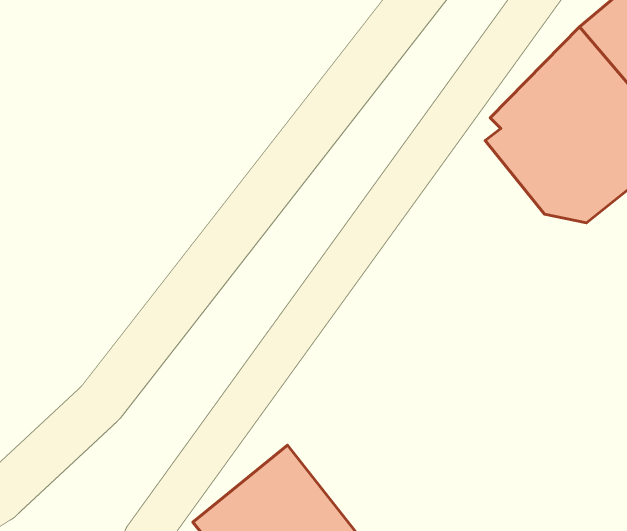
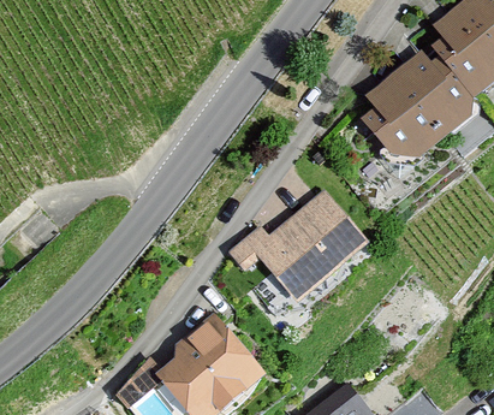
building: none -> [225,188,373,308]

